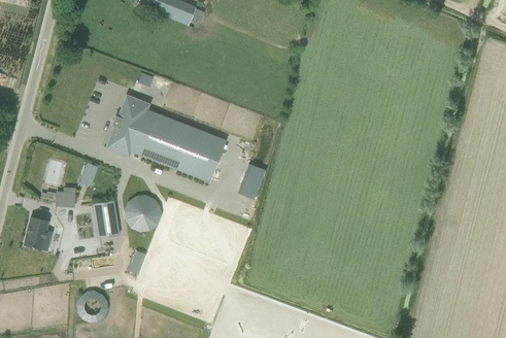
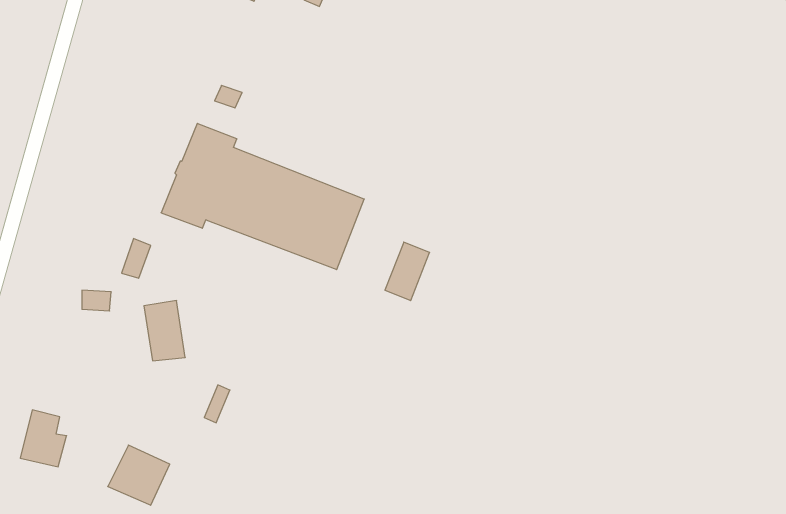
building: [125,194,162,231] -> none
building: [25,215,53,249] -> [20,410,67,467]

